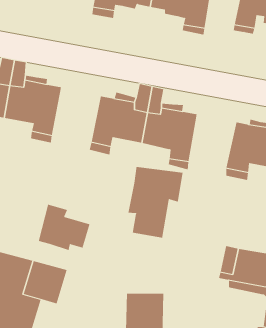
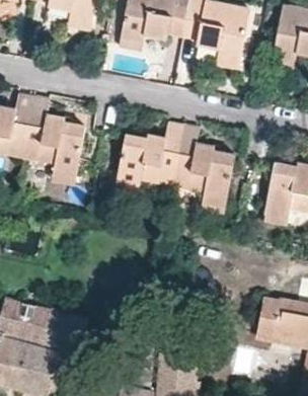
building: [128,166,183,238] -> none
building: [38,204,90,251] -> none

